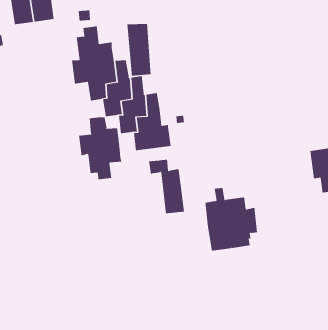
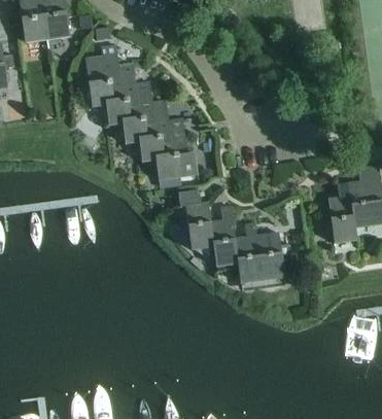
building: [127,23,151,77] -> none
building: [78,116,122,180] -> none
building: none -> [321,181,358,244]
building: none -> [210,206,238,267]

